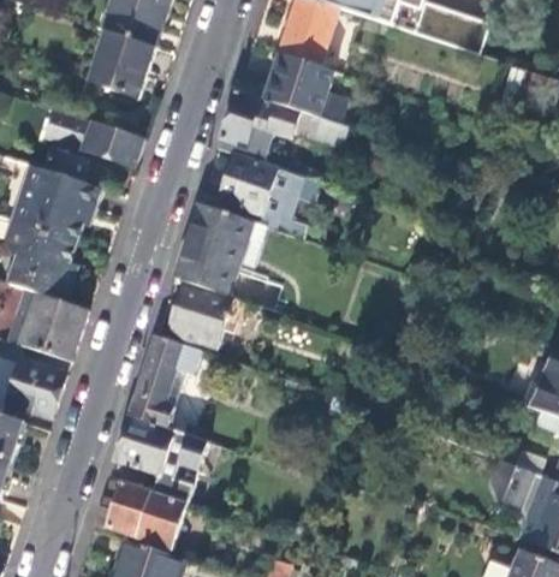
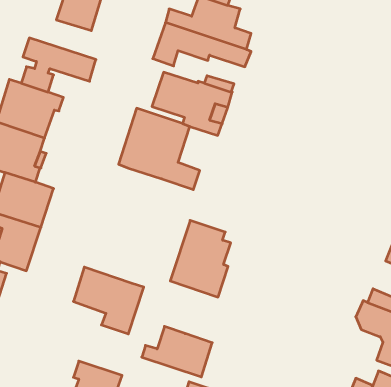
building: [168,281,231,347] -> none
building: [127,333,208,435] -> [170,220,231,297]
building: [93,481,186,548] -> [142,326,212,377]

